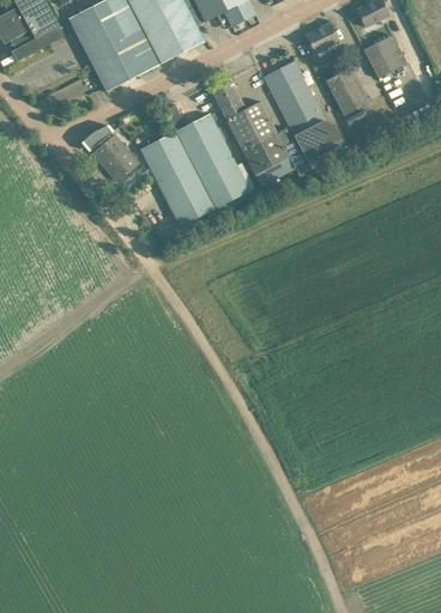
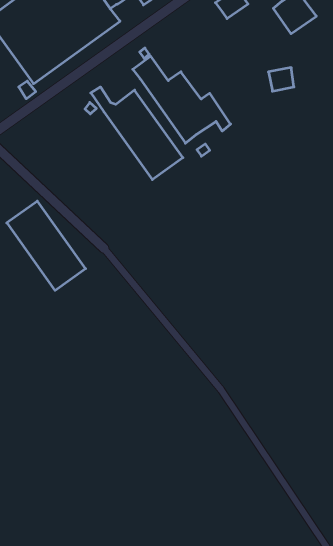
building: [264,60,344,160] -> none
building: [325,67,369,114] -> none
building: [81,125,139,181] -> none
building: [140,131,215,225] -> [7,201,86,290]

